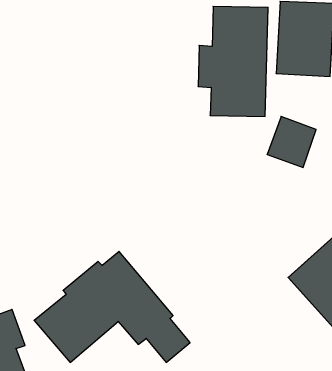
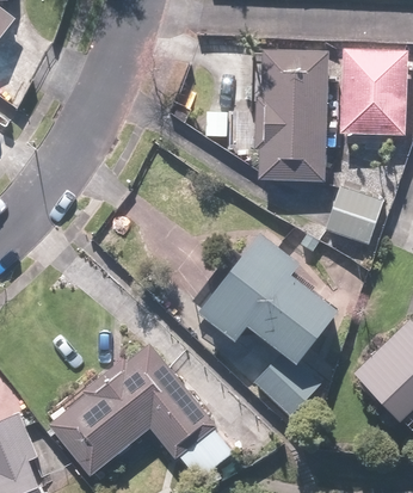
building: none -> [195,236,334,414]

